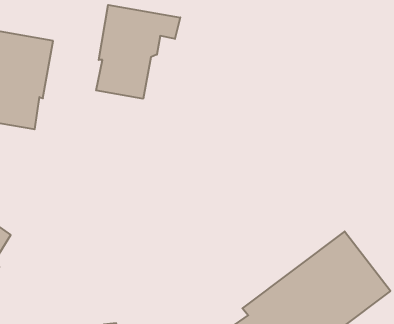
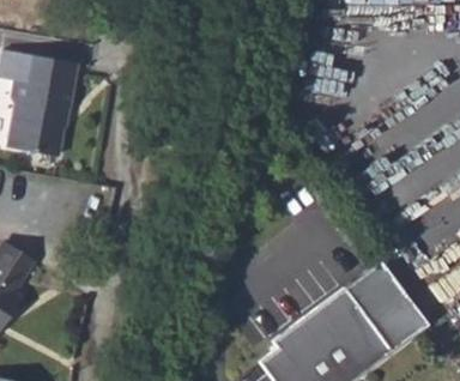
building: [96,5,180,99] -> none

